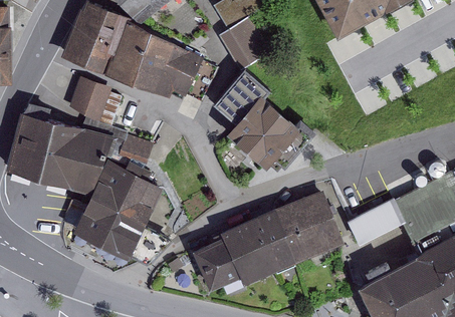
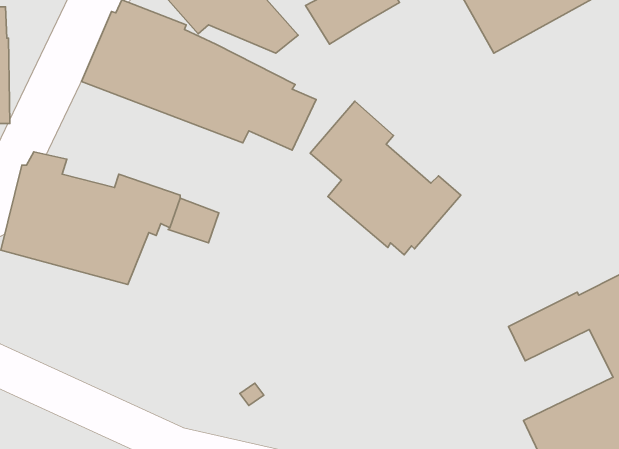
building: [219,19,270,71] -> none
building: [69,78,111,122] -> none
building: [73,161,173,265] -> none
building: [191,192,345,293] -> none

